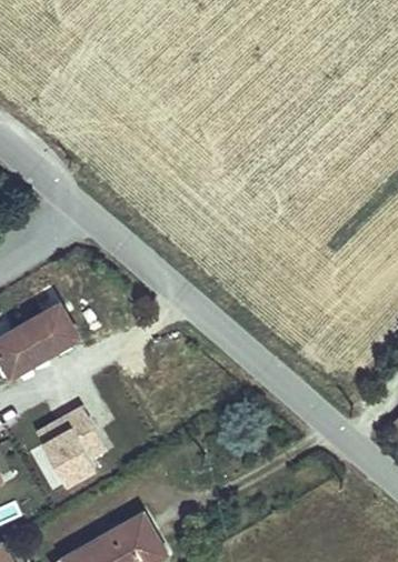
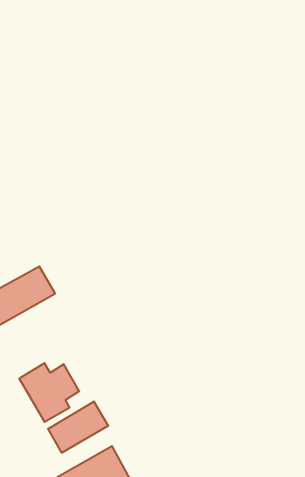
building: none -> [48,401,108,453]

